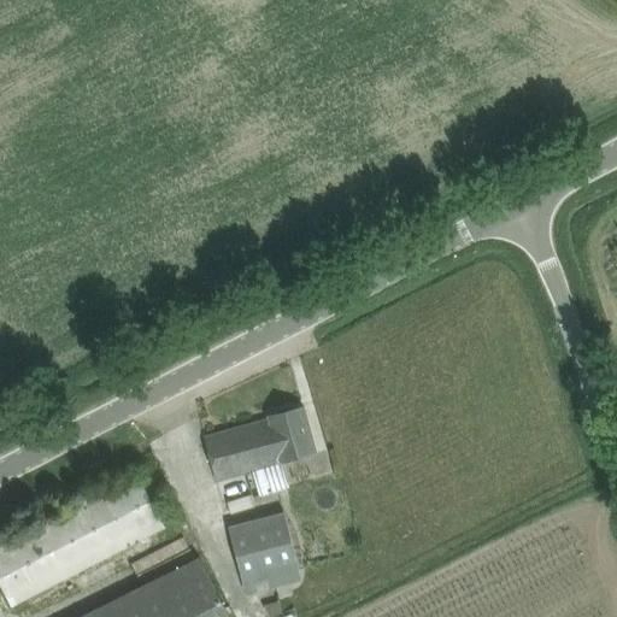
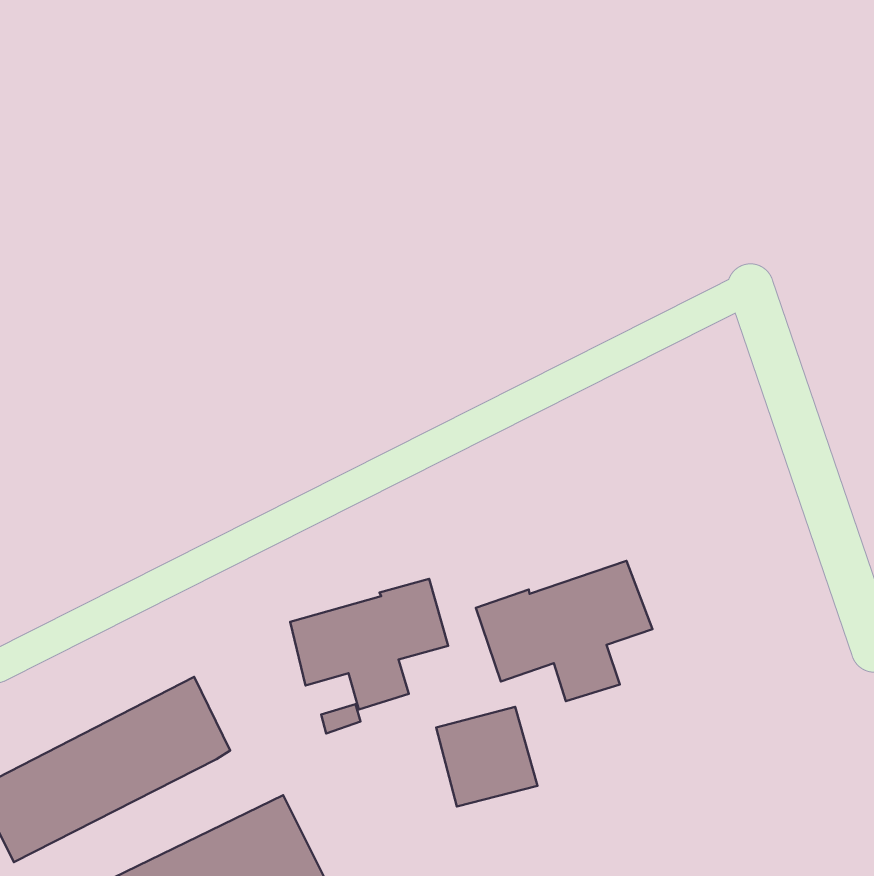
building: none -> [476,561,652,701]
building: [228,515,299,584] -> [436,707,537,806]

